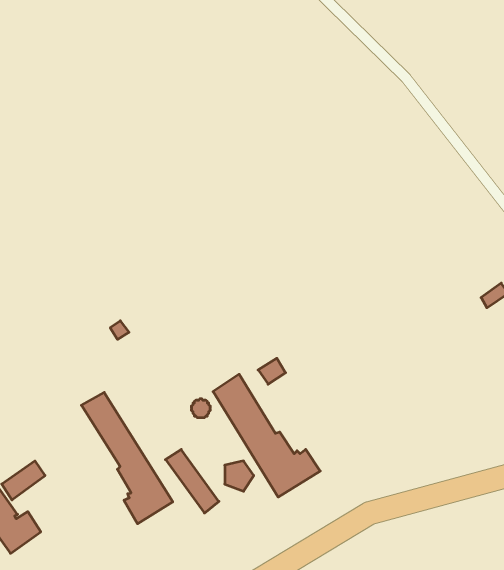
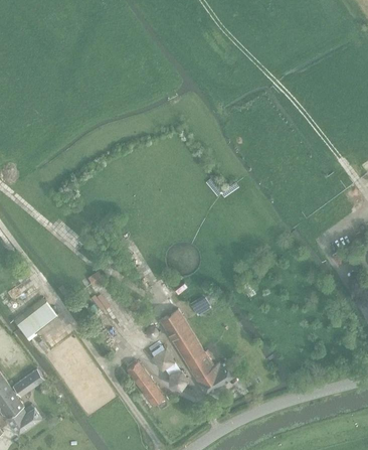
building: none -> [16,301,54,336]
building: [81,392,173,524] -> none

